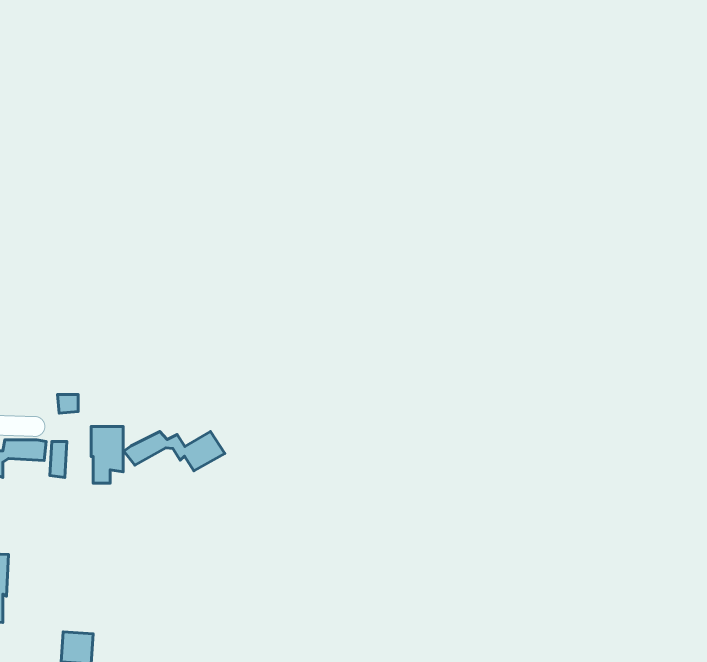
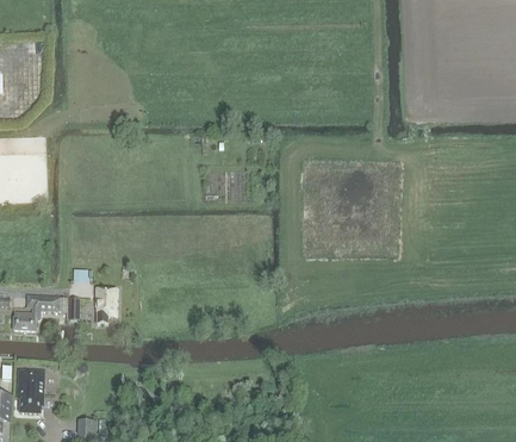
building: [124,432,225,471] -> none

